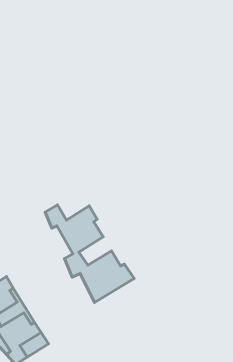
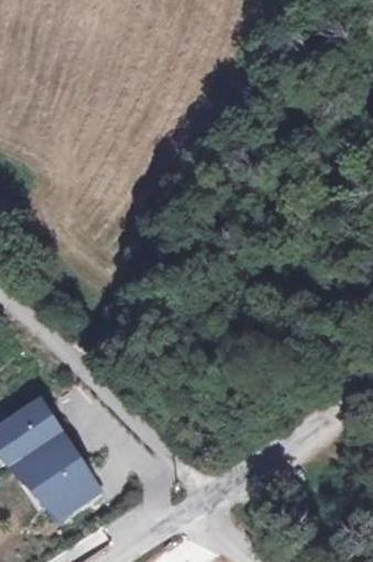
building: [45,205,134,303] -> none

